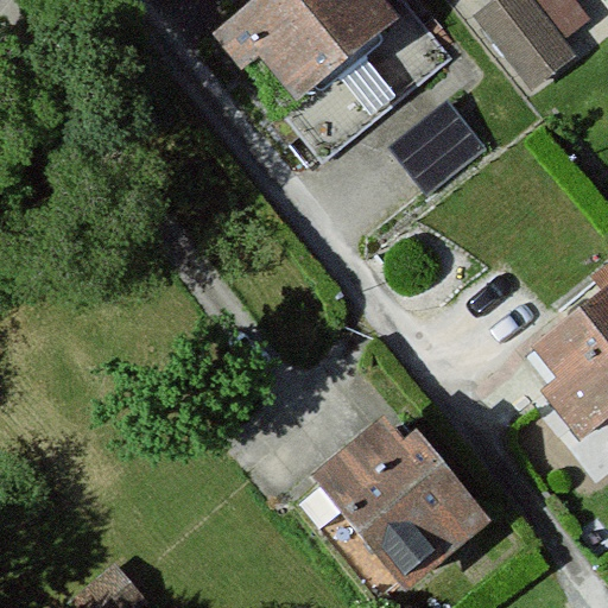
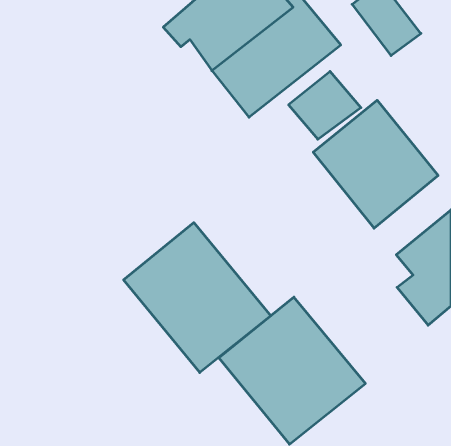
building: none -> [313,100,438,228]
building: none -> [124,223,271,373]

